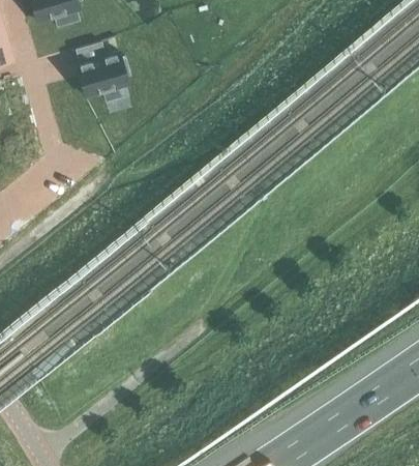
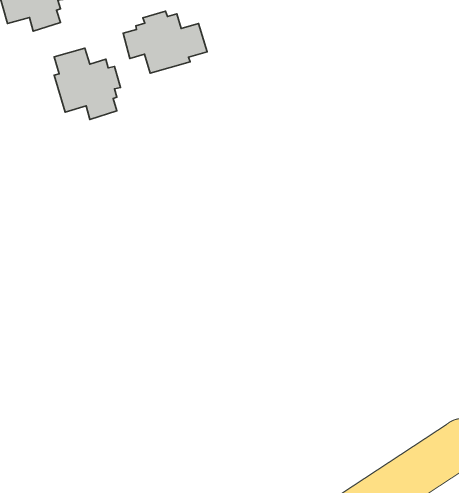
building: none -> [123,11,207,73]

